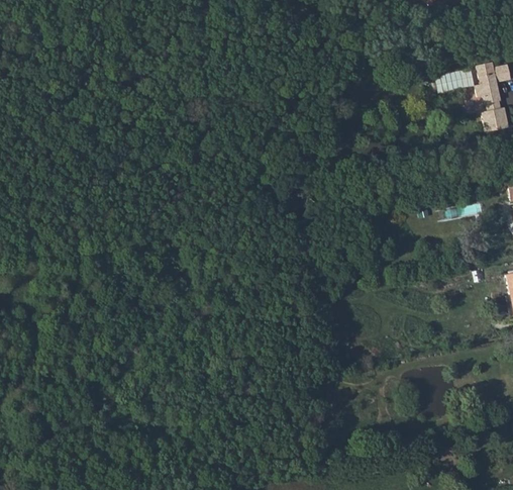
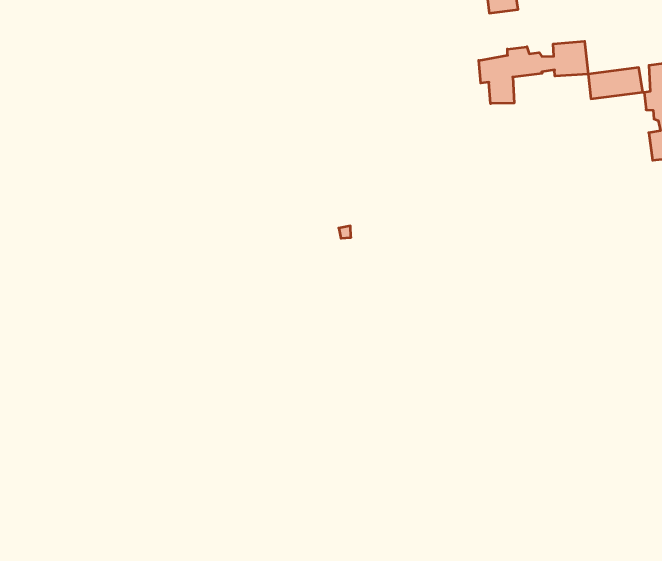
building: none -> [479,41,588,104]

